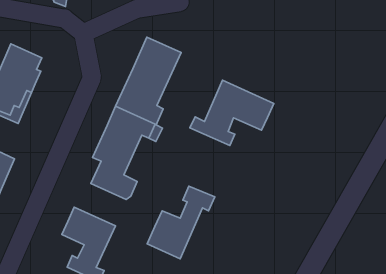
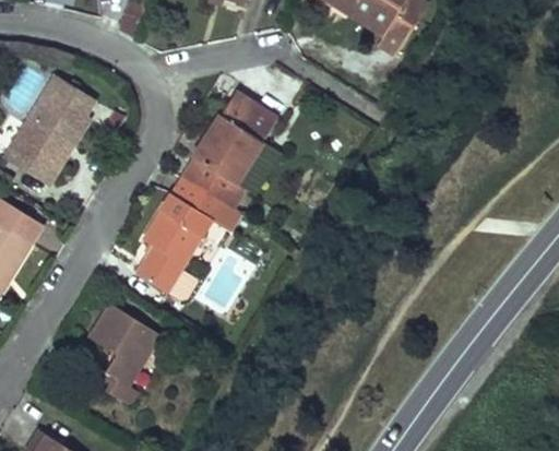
building: [190,80,274,146] -> none
building: [147,186,215,259] -> none

